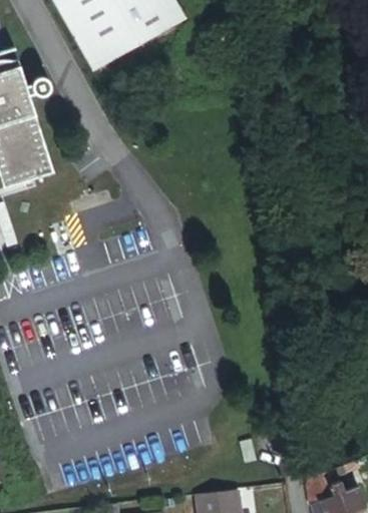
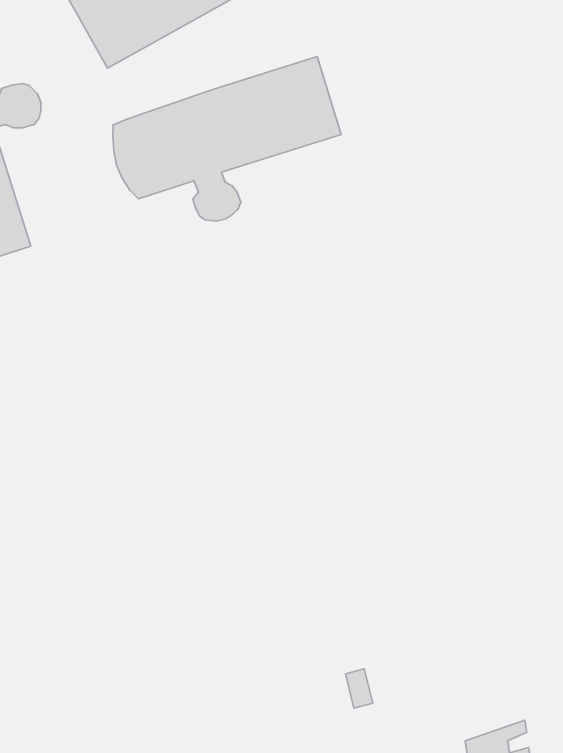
building: none -> [113,56,341,221]

